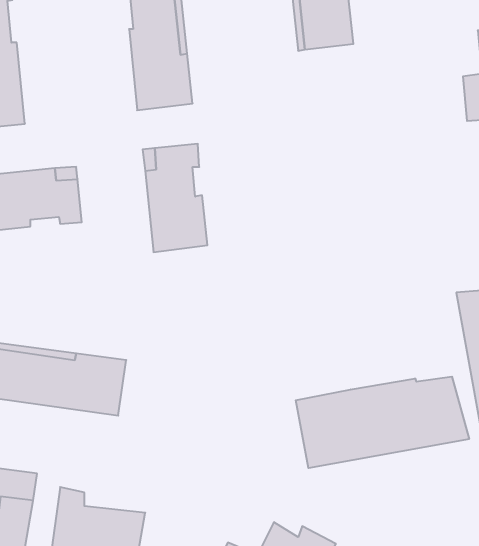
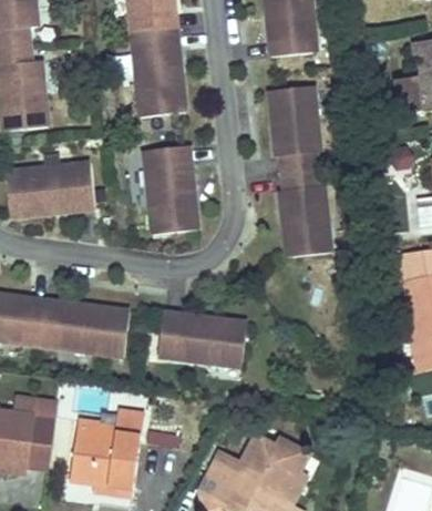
building: none -> [269,84,330,255]
building: none -> [155,318,244,371]
building: [296,377,469,468] -> none
building: none -> [95,408,148,435]

